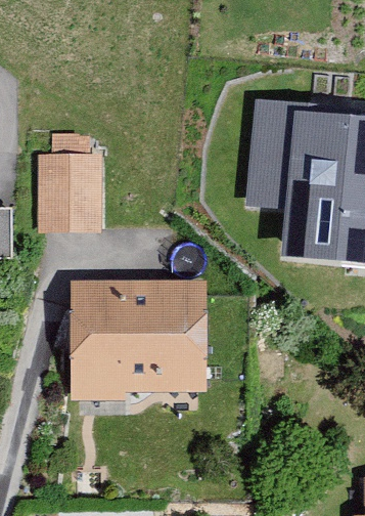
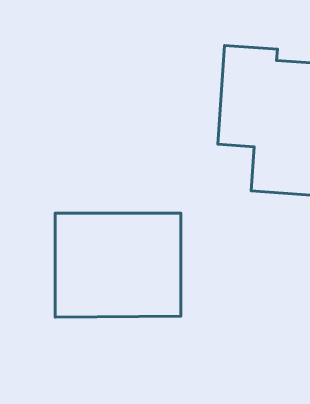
building: [37,134,106,232] -> none

